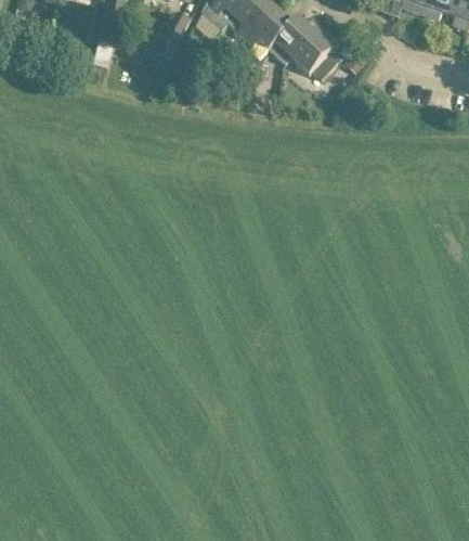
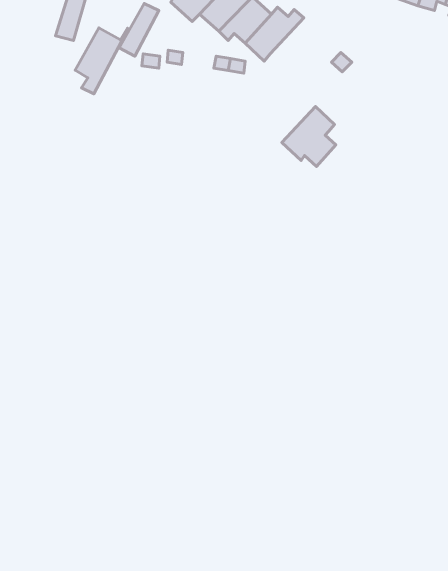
building: [290,24,339,78] -> [282,106,336,166]
building: none -> [75,28,128,94]

